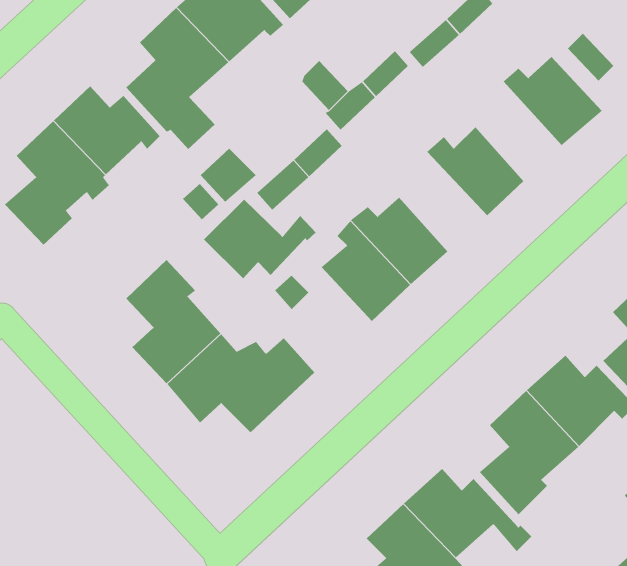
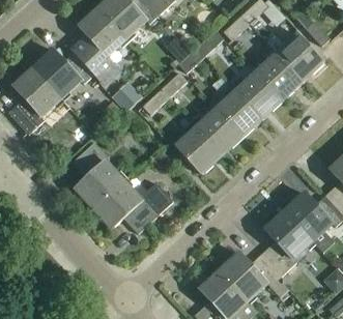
building: none -> [257,47,303,99]
building: none -> [217,84,263,137]
building: [203,199,317,279] -> none

